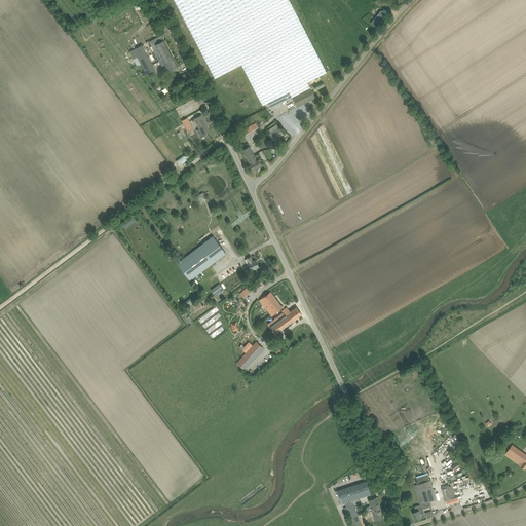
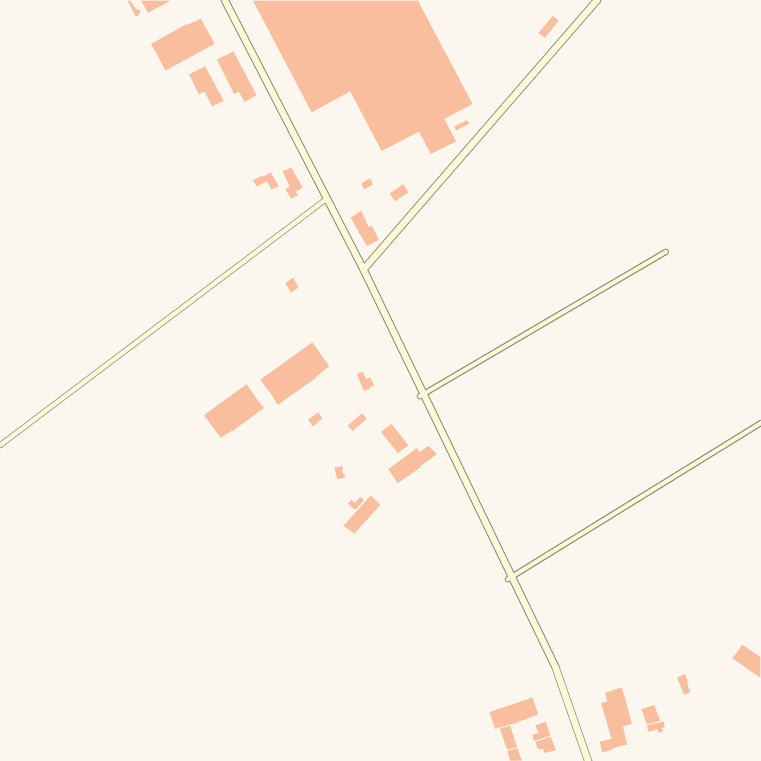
building: none -> [150,17,216,72]
building: none -> [203,383,264,439]

